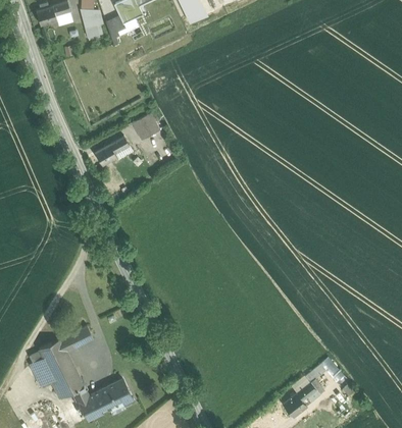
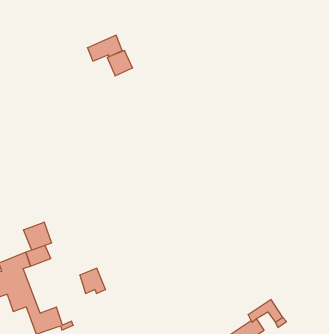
building: [94,135,131,164] -> [87,35,122,61]
building: none -> [24,222,52,250]
building: [104,378,133,406] -> [80,268,106,293]

